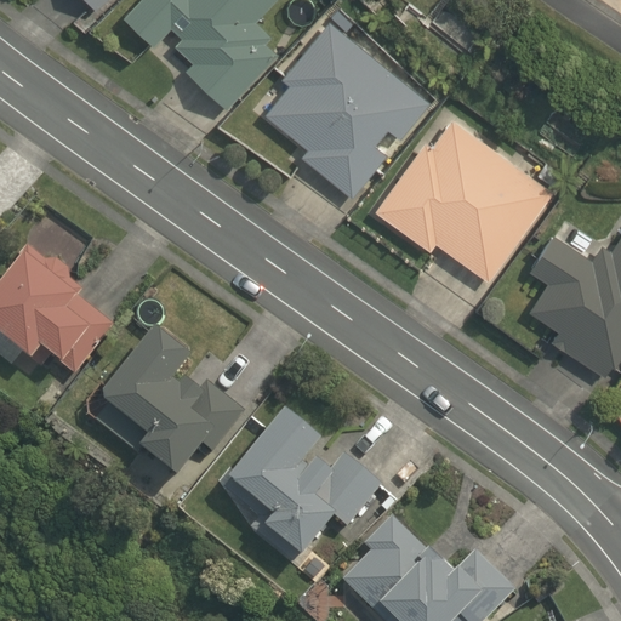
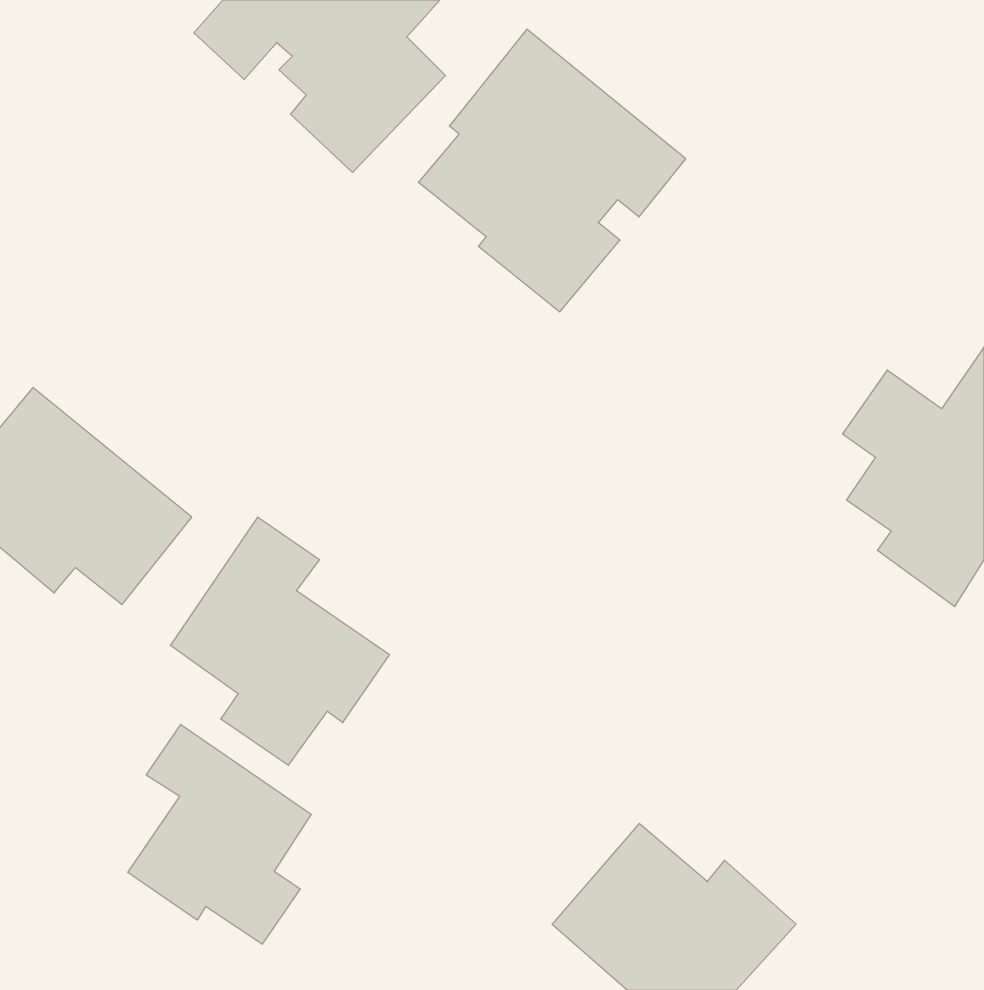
building: [368,110,551,278] -> none
building: [229,409,386,560] -> none
building: none -> [128,724,311,944]

